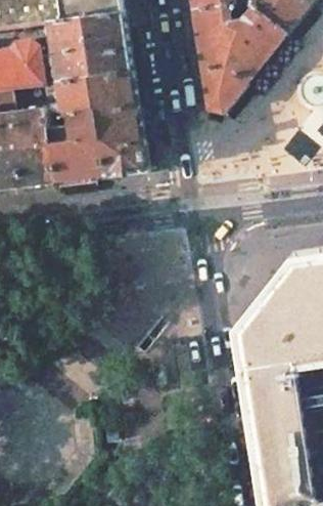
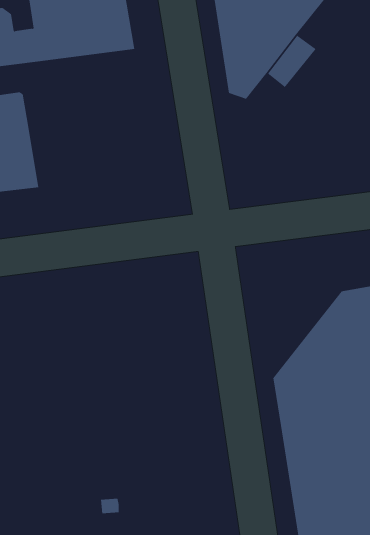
building: [47,72,147,181] -> none

